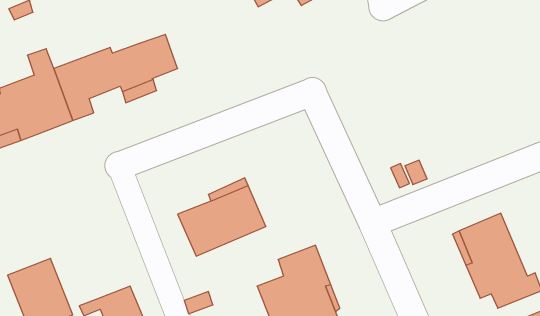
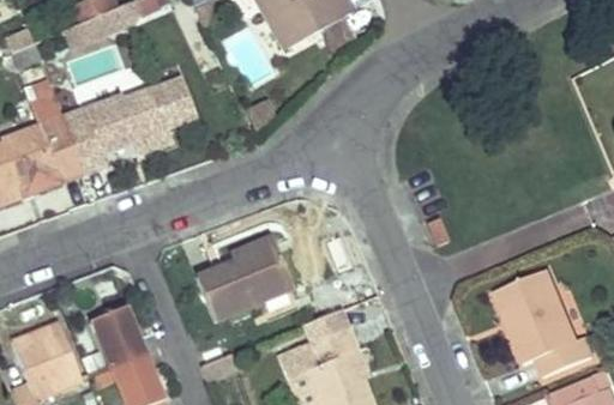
building: none -> [89,304,144,365]

